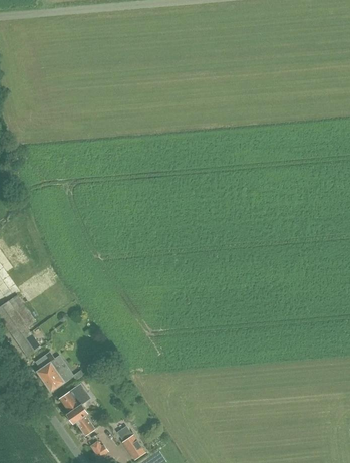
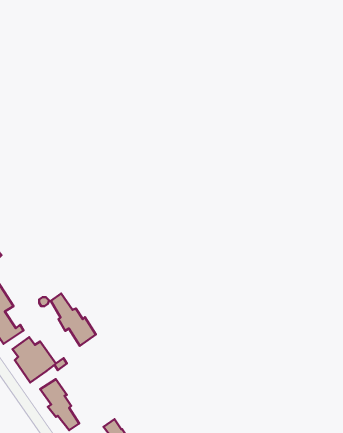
building: none -> [51,294,96,346]

